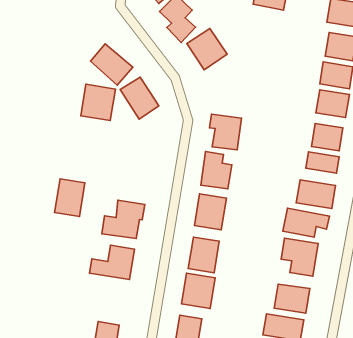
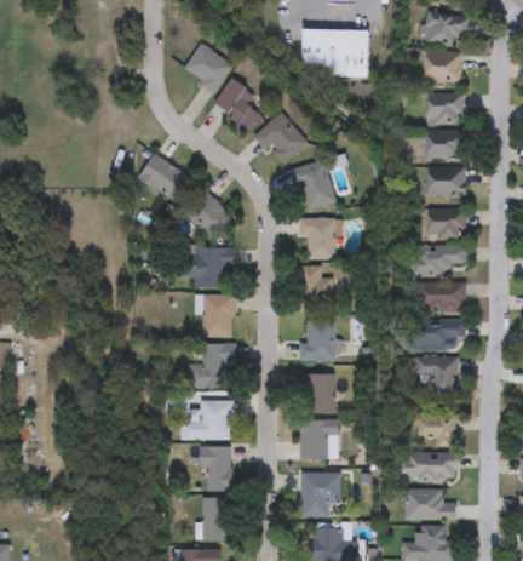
building: none -> [293,160,334,208]
building: [81,84,115,121] -> [194,246,231,286]
building: [55,179,85,216] -> [202,293,234,336]
building: none -> [199,446,231,490]

